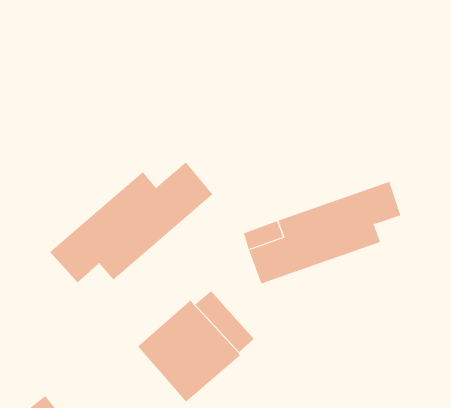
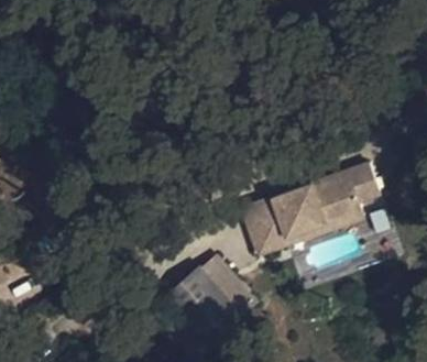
building: [49,162,213,283] -> none

